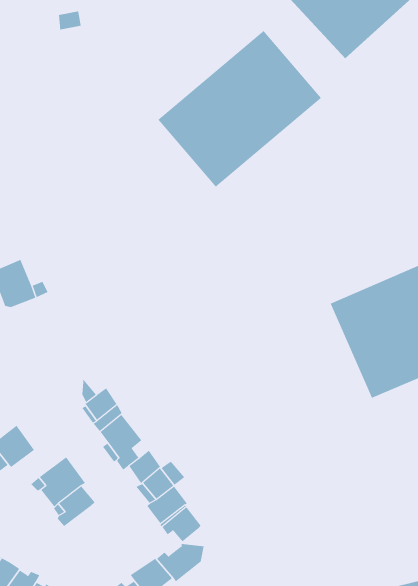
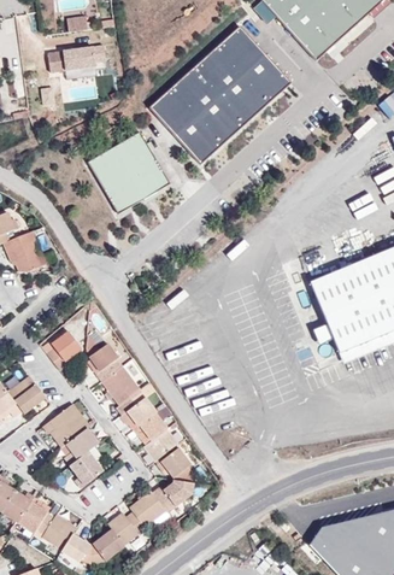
building: none -> [47,45,105,72]
building: none -> [87,133,169,215]
building: none -> [47,331,81,370]
building: none -> [69,447,102,488]

